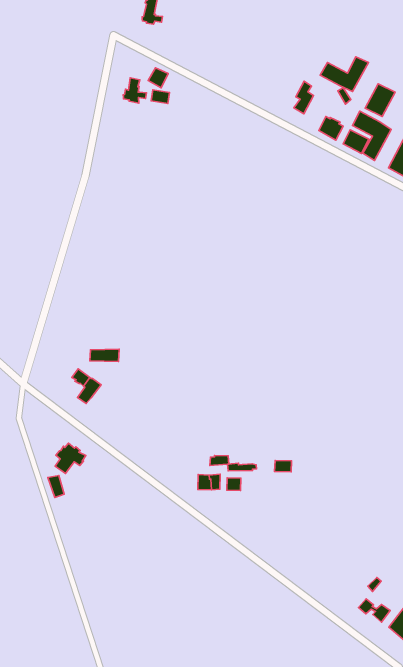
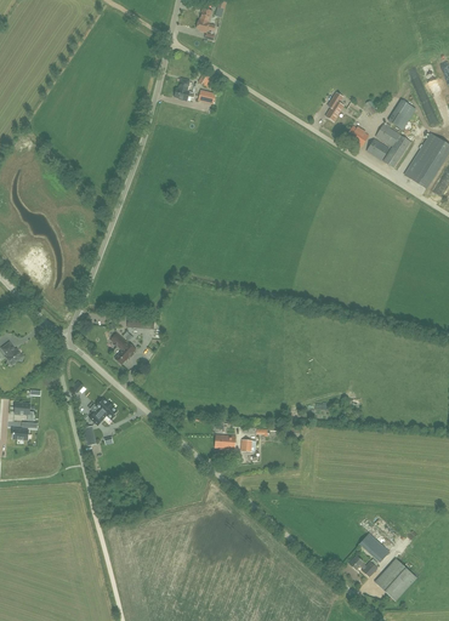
building: [320,57,368,92] -> none

